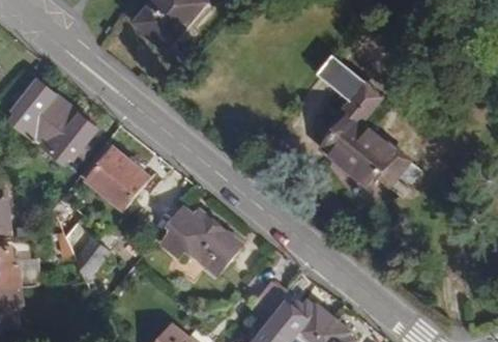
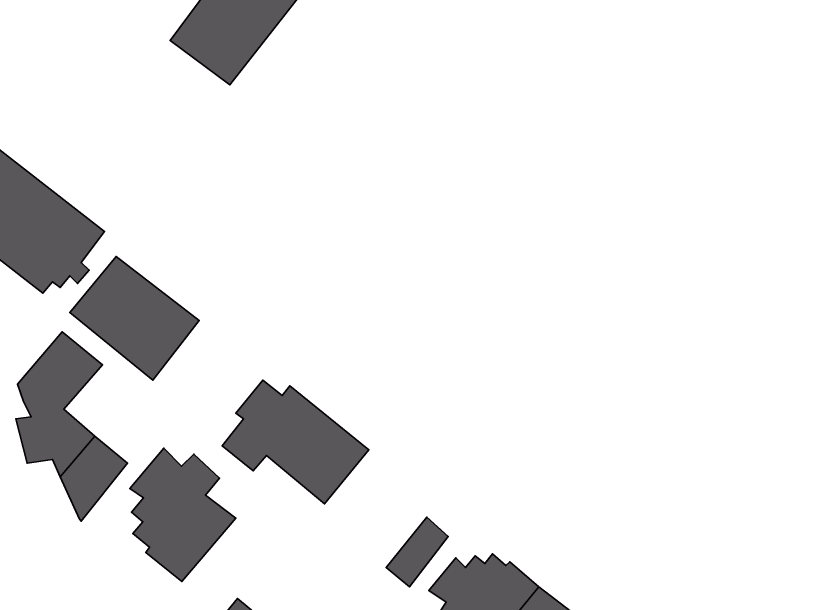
building: [318,56,413,187] -> none
building: none -> [130,448,236,582]

